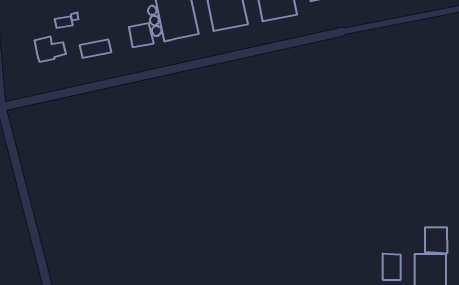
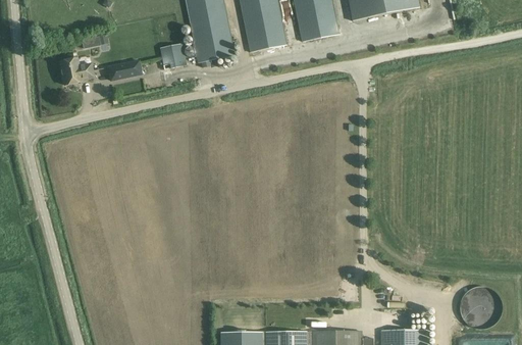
building: [425,227,447,253] -> none
building: [383,253,400,280] -> none

